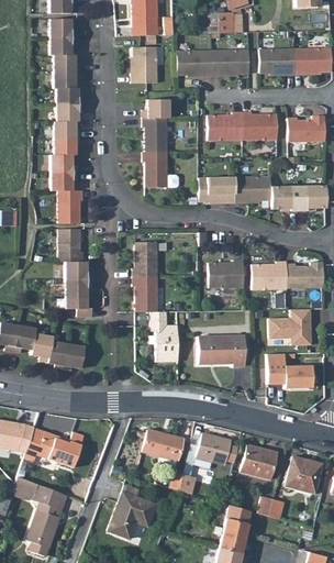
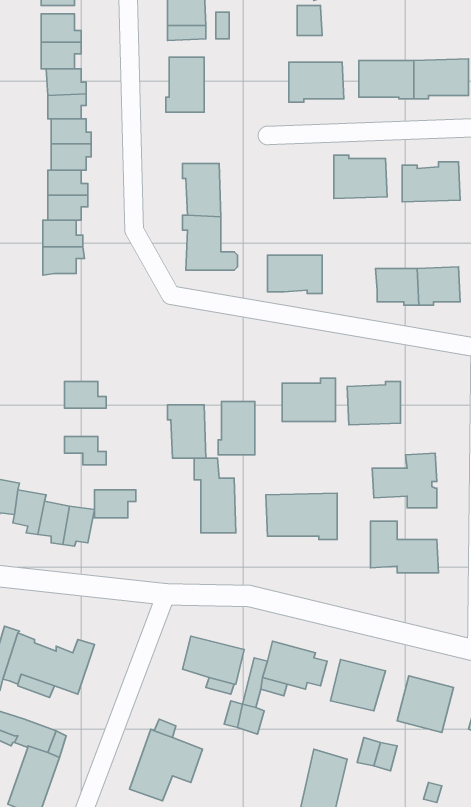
building: [177,51,213,77] -> none
building: [143,99,169,118] -> none
building: [208,112,243,141] -> none
building: [235,177,271,203] -> none
building: [58,190,83,223] -> none
building: [59,229,83,262] -> none
building: [133,242,157,277] -> [218,402,255,455]
building: [287,262,324,288] -> none
building: [65,279,92,298] -> [94,490,136,518]

